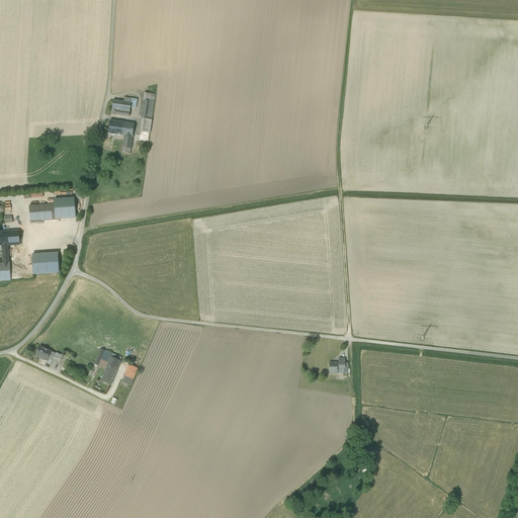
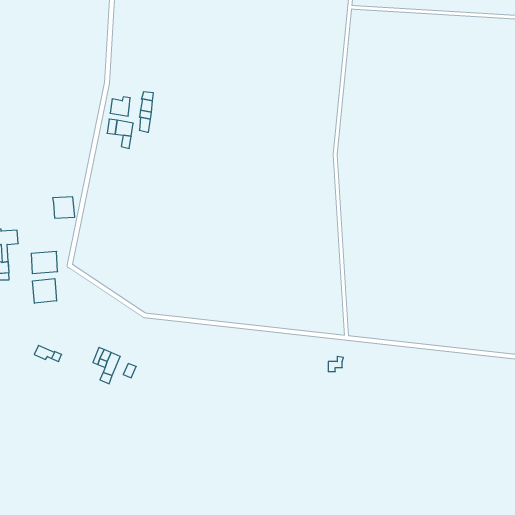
building: [28,203,55,221] -> none
building: none -> [33,279,57,303]

